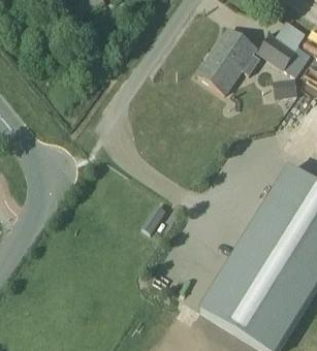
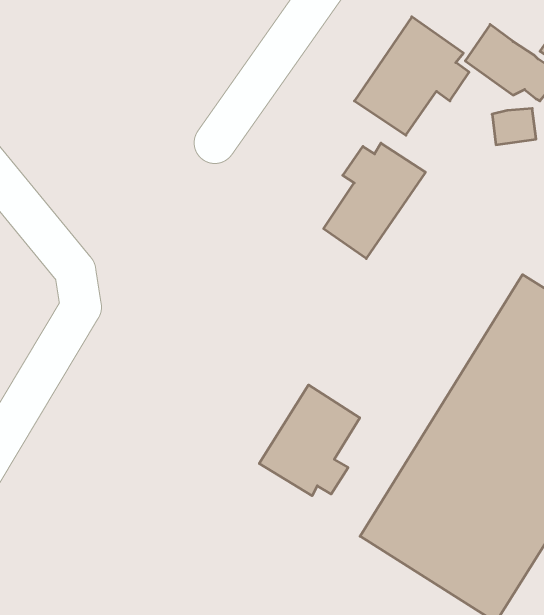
building: none -> [324,143,425,259]
building: none -> [259,385,360,496]

